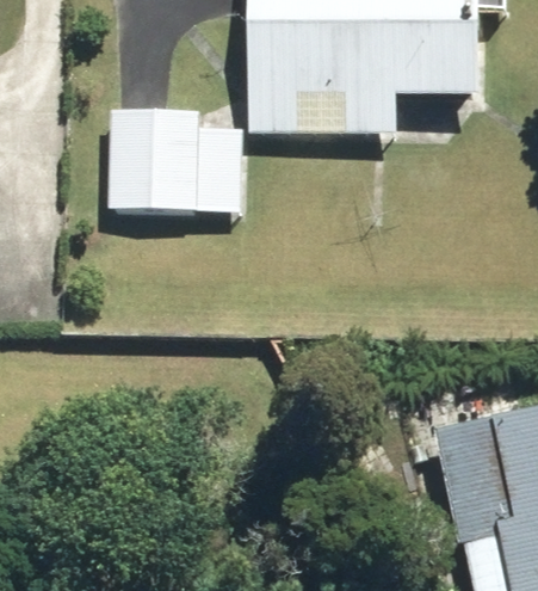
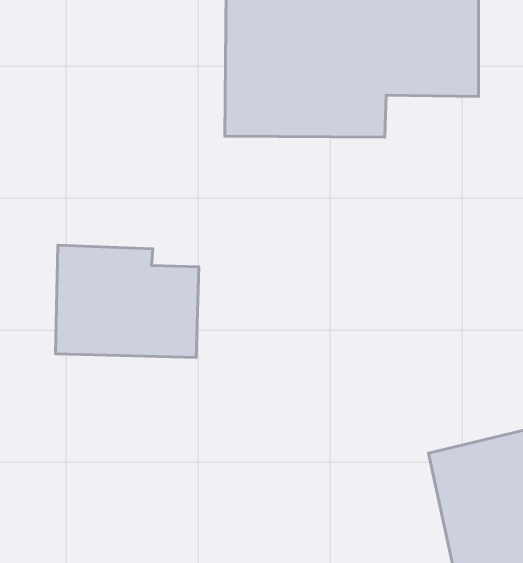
building: [107,109,241,214] -> [55,245,199,358]

